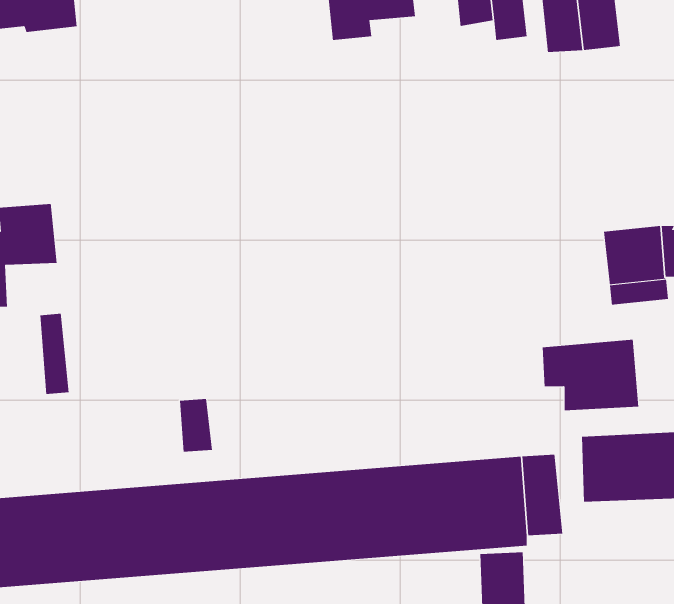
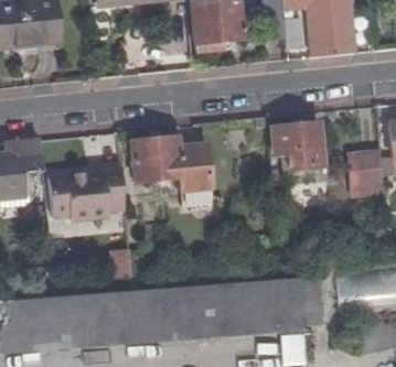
building: none -> [130,136,210,190]
building: none -> [51,164,125,218]
building: [542,339,639,411] -> [270,126,324,165]

